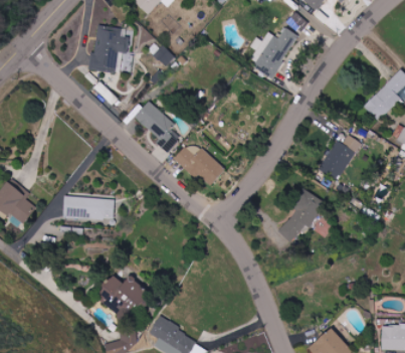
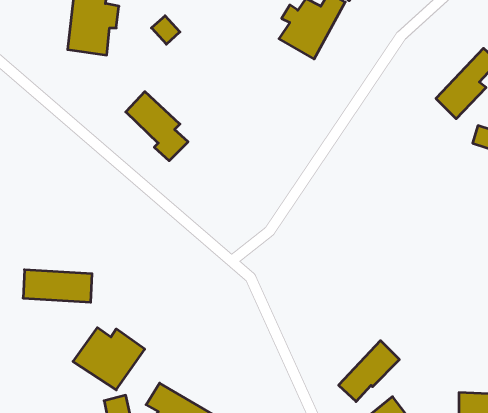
building: [319,135,359,182] -> none
building: [173,138,223,184] -> none
building: [63,195,115,219] -> [23,270,92,302]
building: [276,197,322,242] -> [339,341,399,402]

